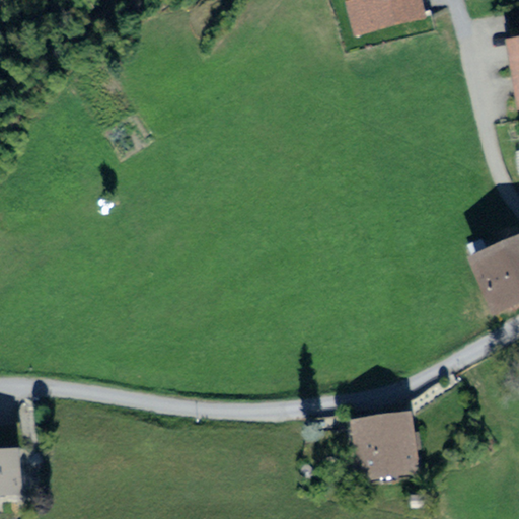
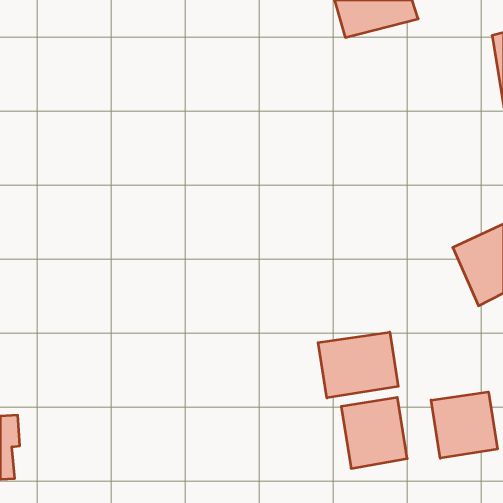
building: none -> [318,332,398,398]
building: none -> [431,392,497,458]

